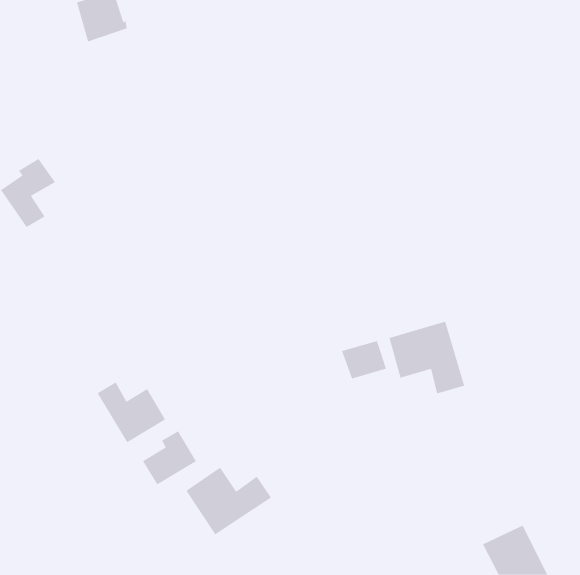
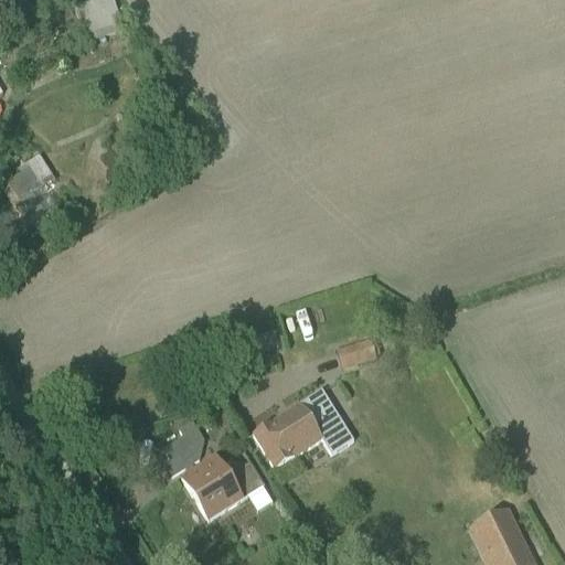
building: [389,321,465,394] -> none
building: [97,382,166,443] -> none
building: none -> [253,387,353,468]

